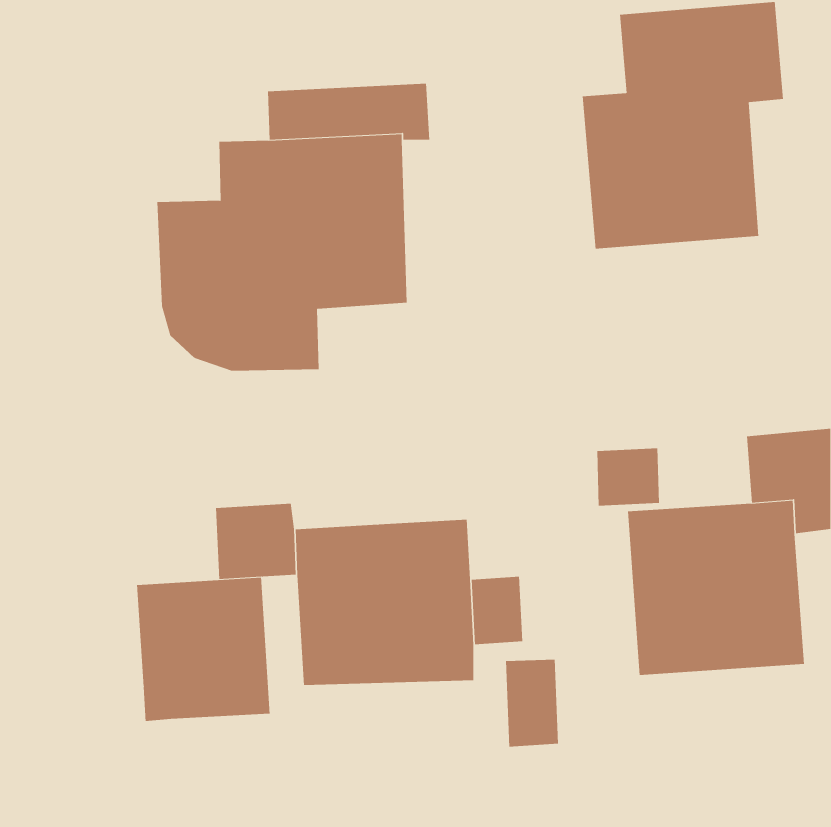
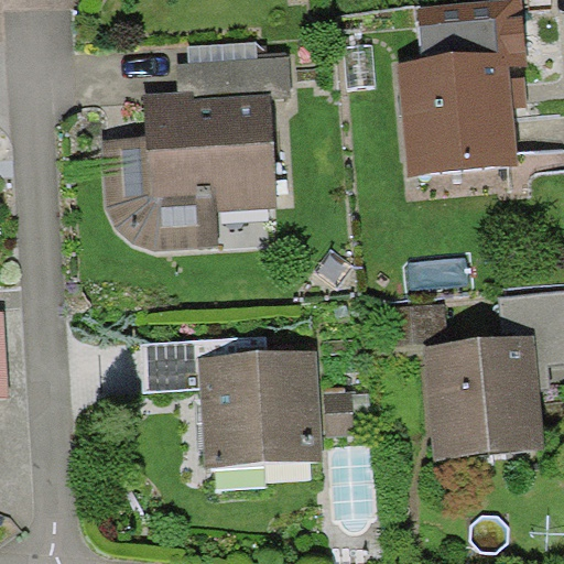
building: [137,577,270,722] -> none

